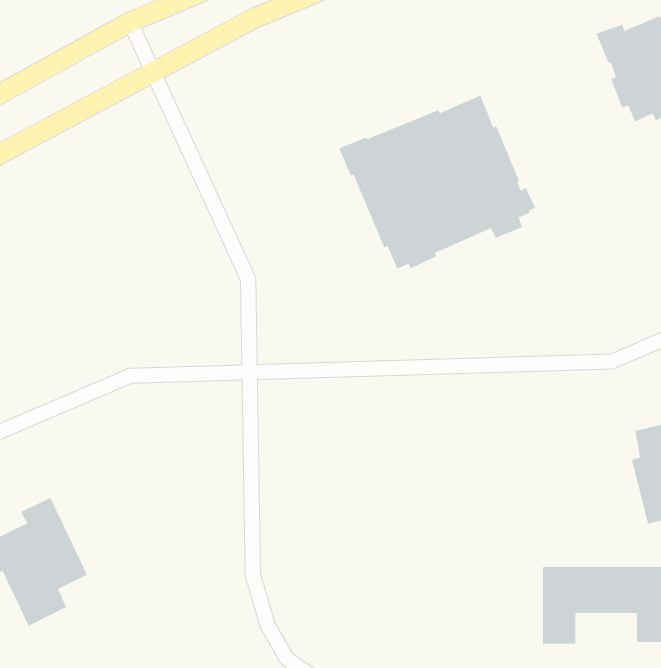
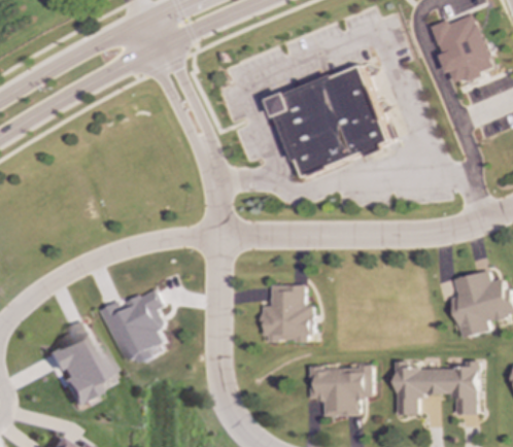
building: none -> [261,285,311,342]
building: none -> [99,288,164,364]
building: none -> [309,367,373,416]

